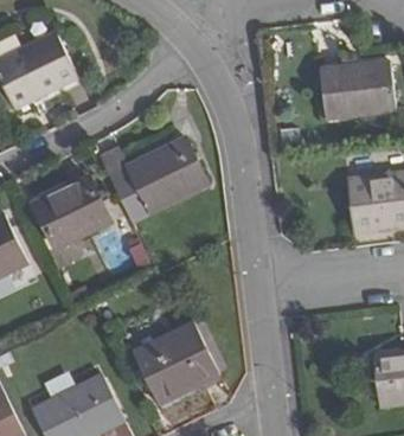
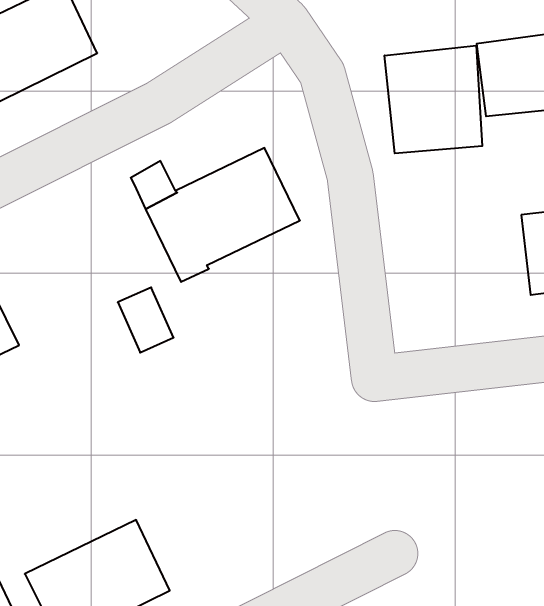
building: none -> [385,46,482,153]
building: [34,178,110,249] -> none
building: [134,321,219,404] -> none

